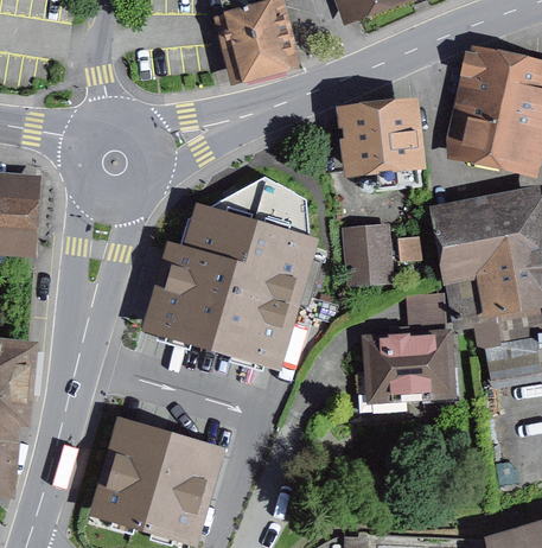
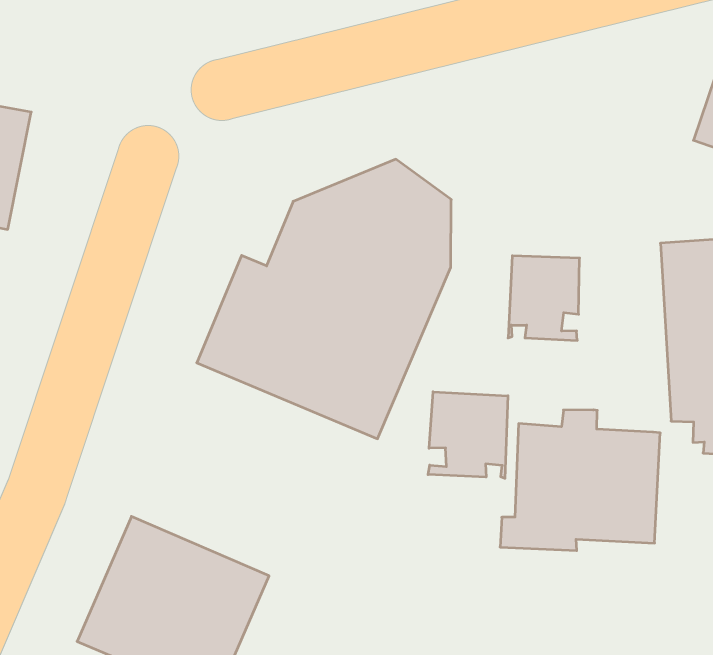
building: [345,106,420,187] -> none
building: [406,292,447,333] -> none
building: none -> [428,392,508,478]

